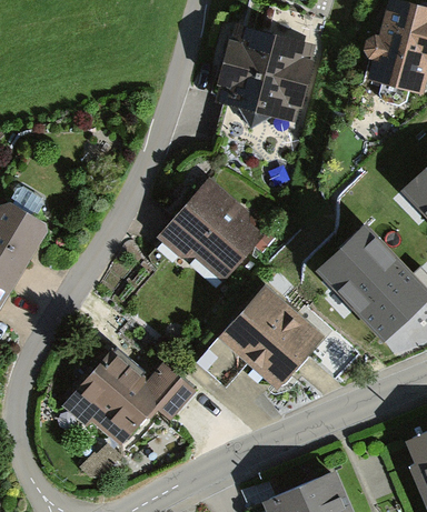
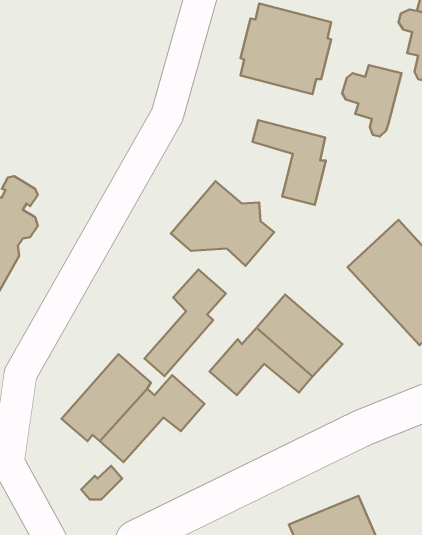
building: none -> [342,65,401,136]
building: none -> [252,120,326,205]
building: none -> [144,269,226,376]

